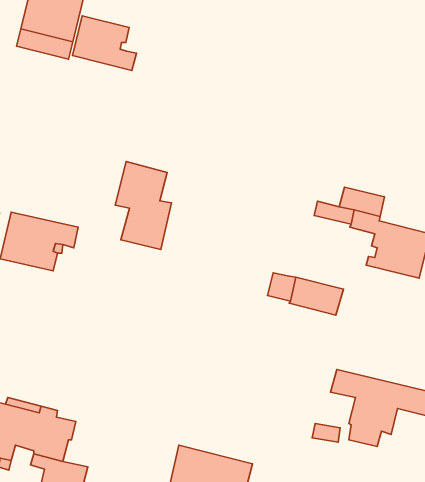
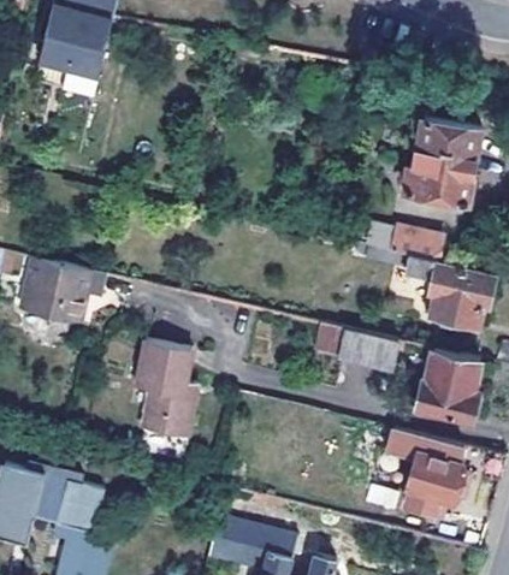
building: [72,16,137,70] -> none
building: none -> [409,119,480,203]
building: [115,162,172,249] -> [135,339,197,437]
building: none -> [418,348,480,421]

